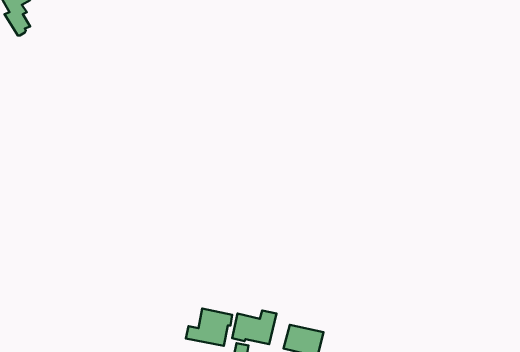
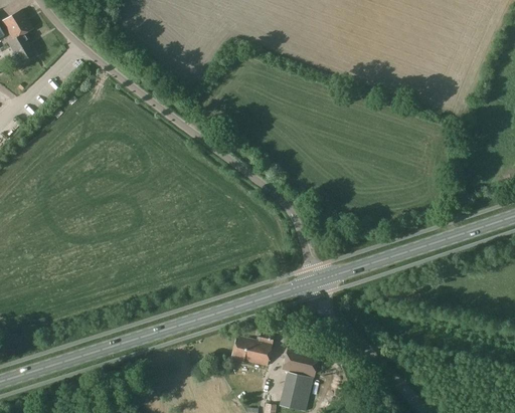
building: [186,308,232,346] -> none

